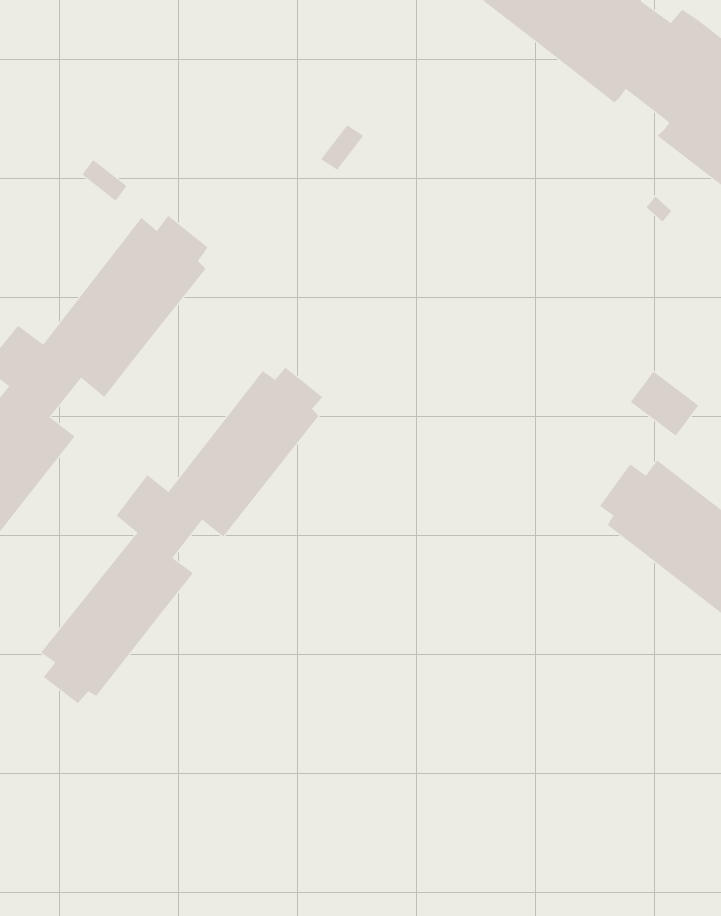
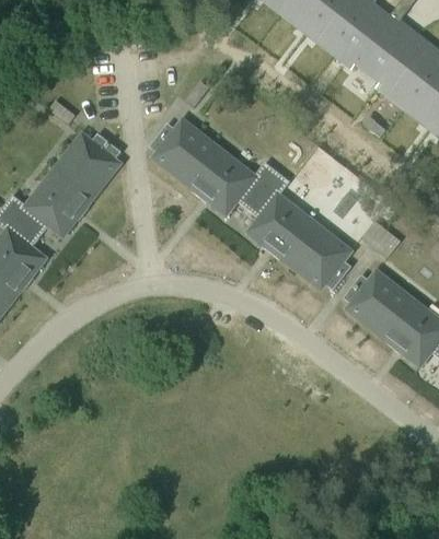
building: none -> [149,119,350,290]
building: [40,367,323,704] -> none

